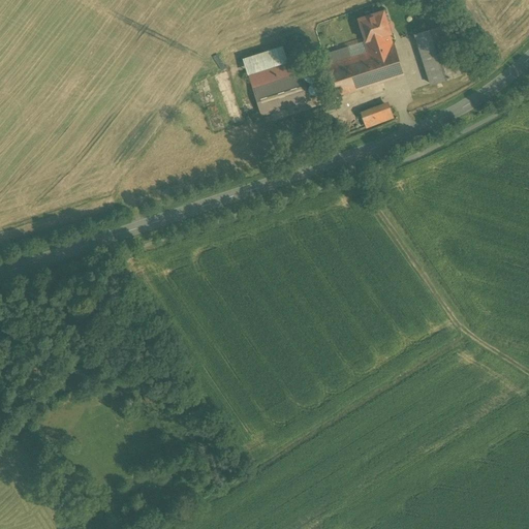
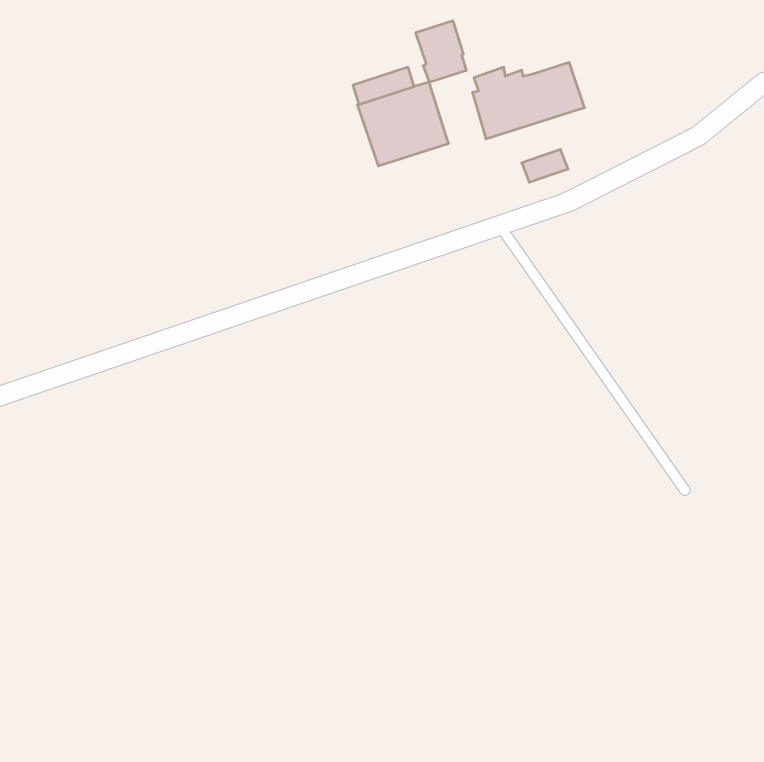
building: [357,10,393,53] -> [416,21,466,82]
building: [415,25,461,85] -> none

